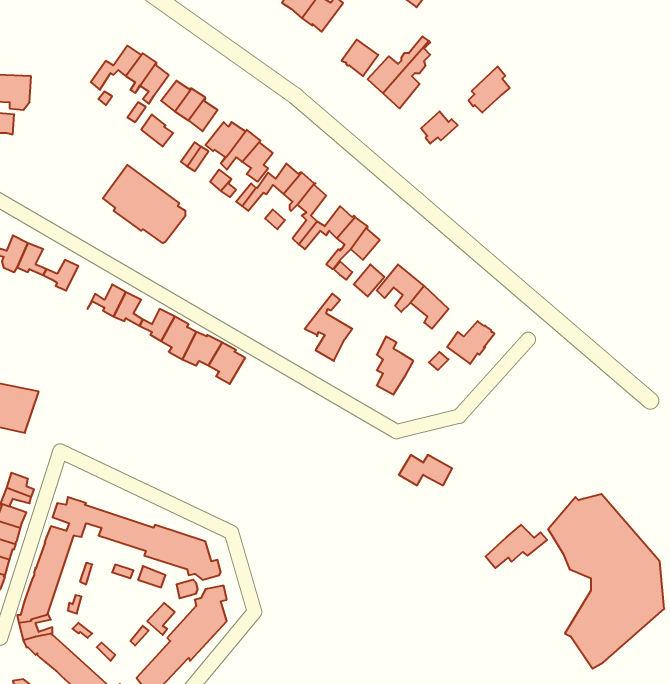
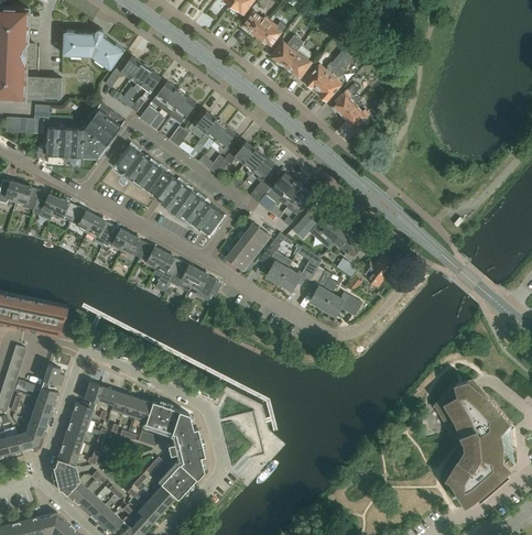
building: none -> [63,30,123,69]
building: none -> [270,37,303,68]
building: [469,67,510,113] -> [333,84,362,117]
building: none -> [46,103,126,161]
building: none -> [160,178,226,239]
building: none -> [87,216,113,247]
building: none -> [226,223,271,272]
building: none -> [280,262,317,291]
building: [399,455,452,485] -> [323,294,361,316]
building: [486,525,547,568] -> none

